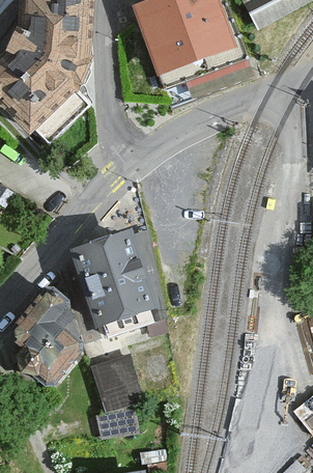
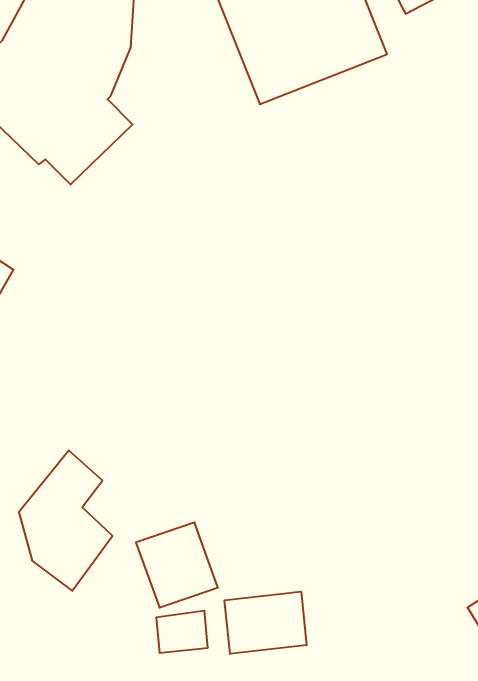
building: [70,231,158,335] -> none
building: none -> [224,592,307,654]

